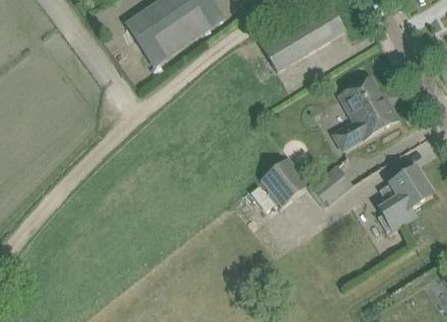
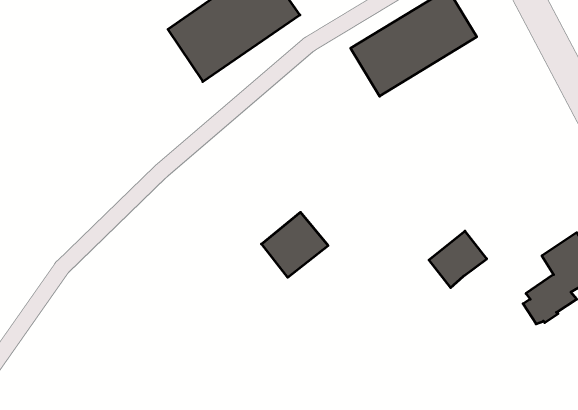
building: [333,78,397,150] -> none
building: [263,161,309,207] -> [261,212,328,277]

